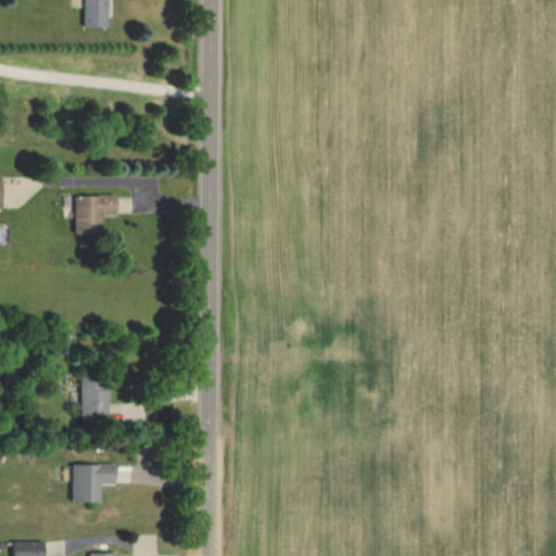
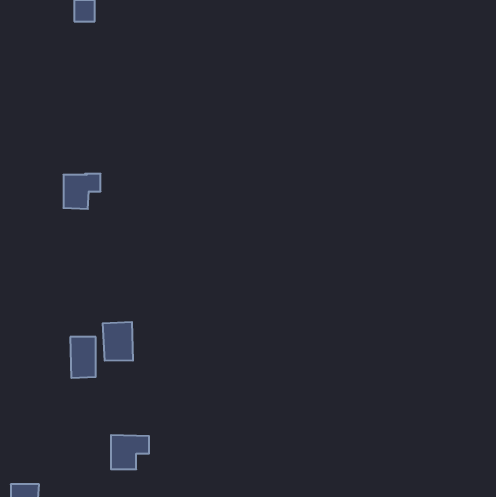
building: none -> [103,322,133,361]
building: [74,464,116,502] -> [111,435,149,469]

